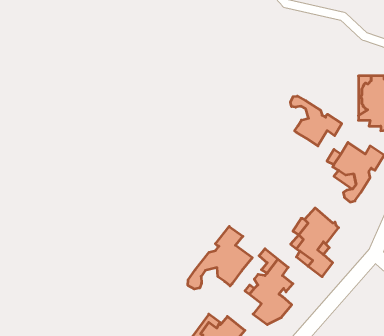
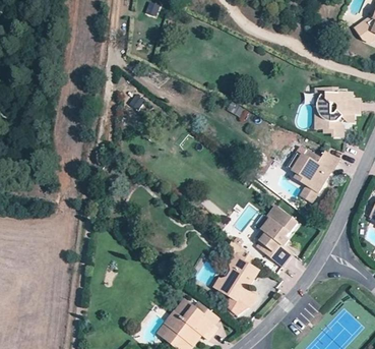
building: [290,96,342,146] -> none
building: [188,226,252,289] -> none

